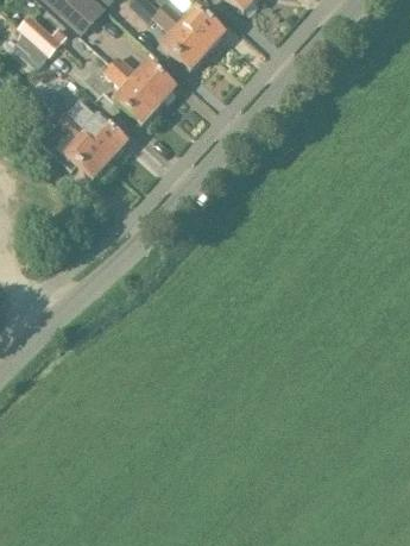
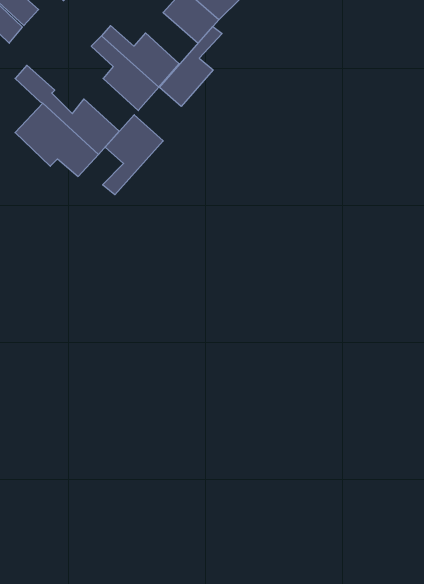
building: none -> [159,27,222,106]
building: none -> [103,115,163,195]

